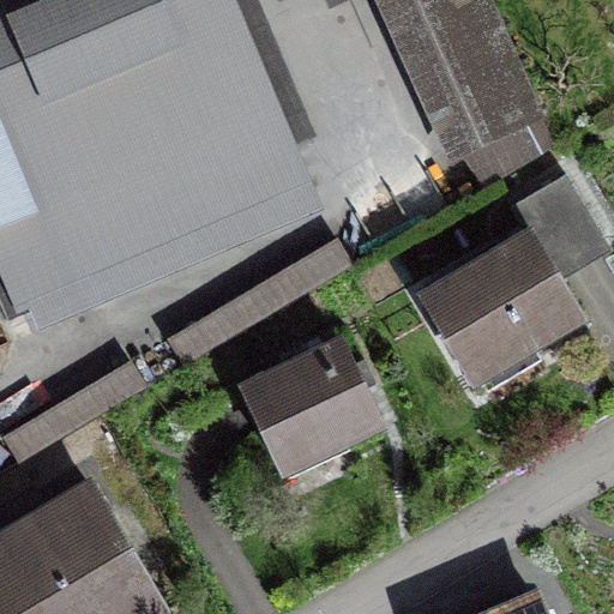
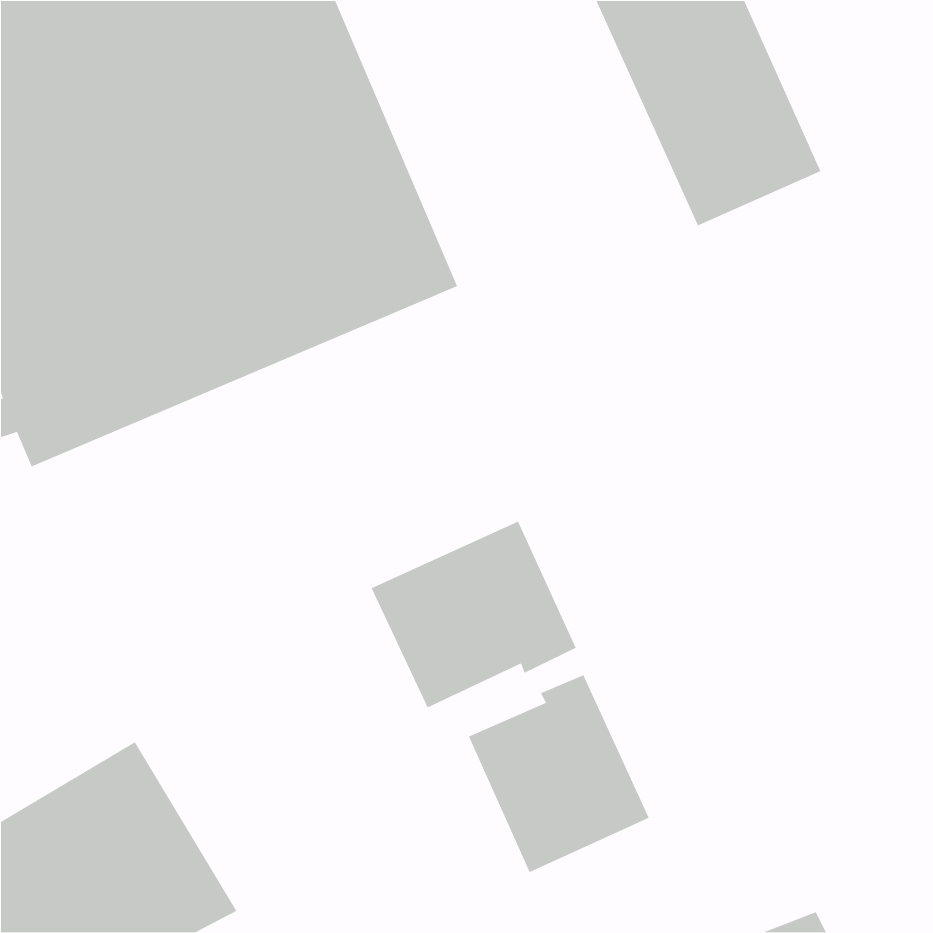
building: [425,175,603,377] -> none
building: none -> [468,674,650,873]

